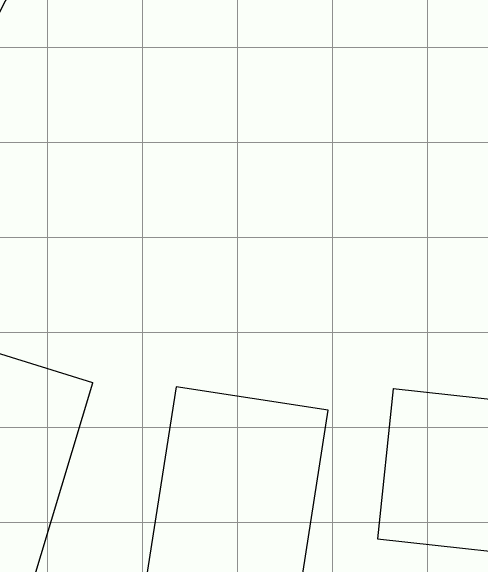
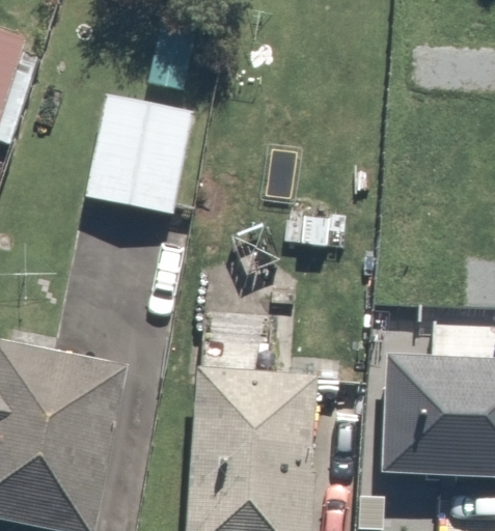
building: none -> [84,97,186,216]

